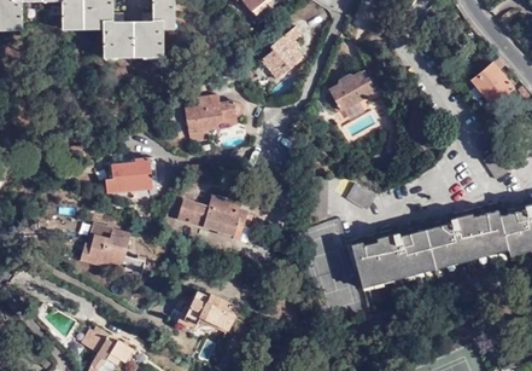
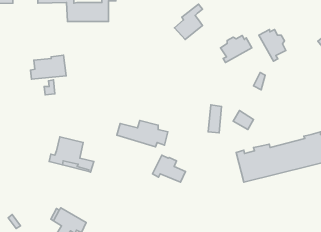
building: none -> [259,29,286,61]
building: [182,95,242,141] -> none
building: [105,158,157,193] -> [31,55,66,79]
building: [185,289,233,329] -> [153,155,186,182]

